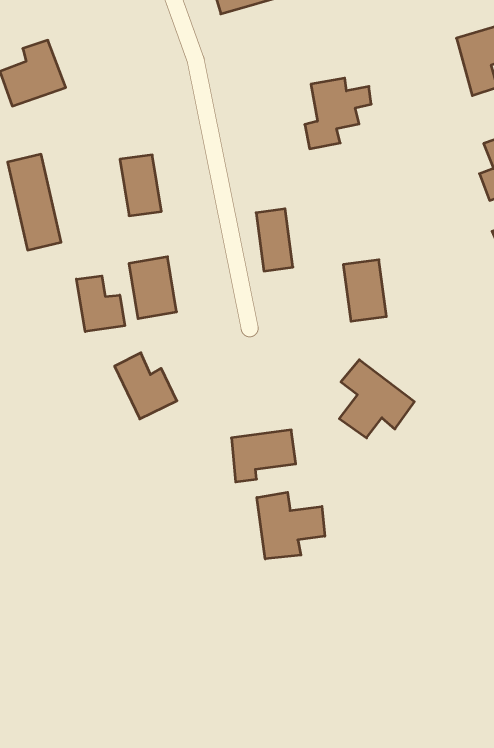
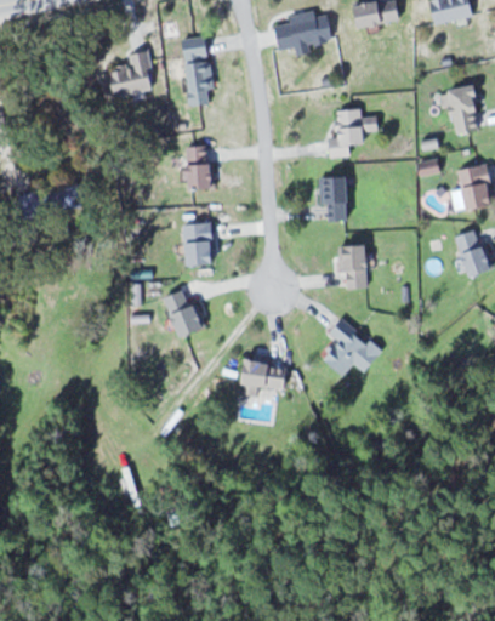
building: [8,154,61,250] -> [180,36,211,106]
building: [256,209,293,271] -> [325,177,347,221]
building: [76,276,125,332] -> none
building: [257,492,325,559] -> none

